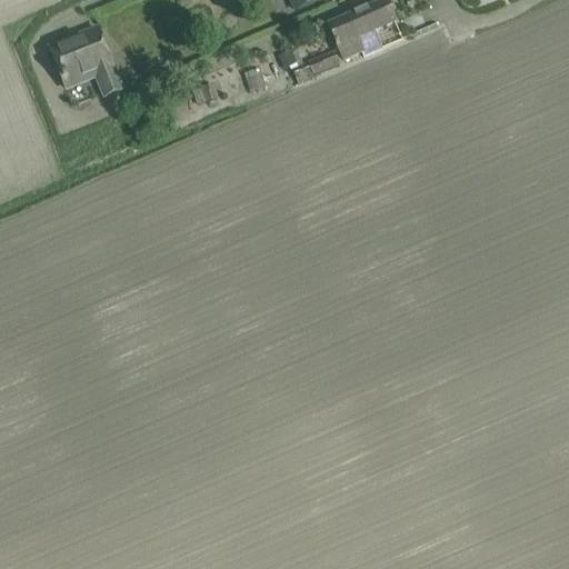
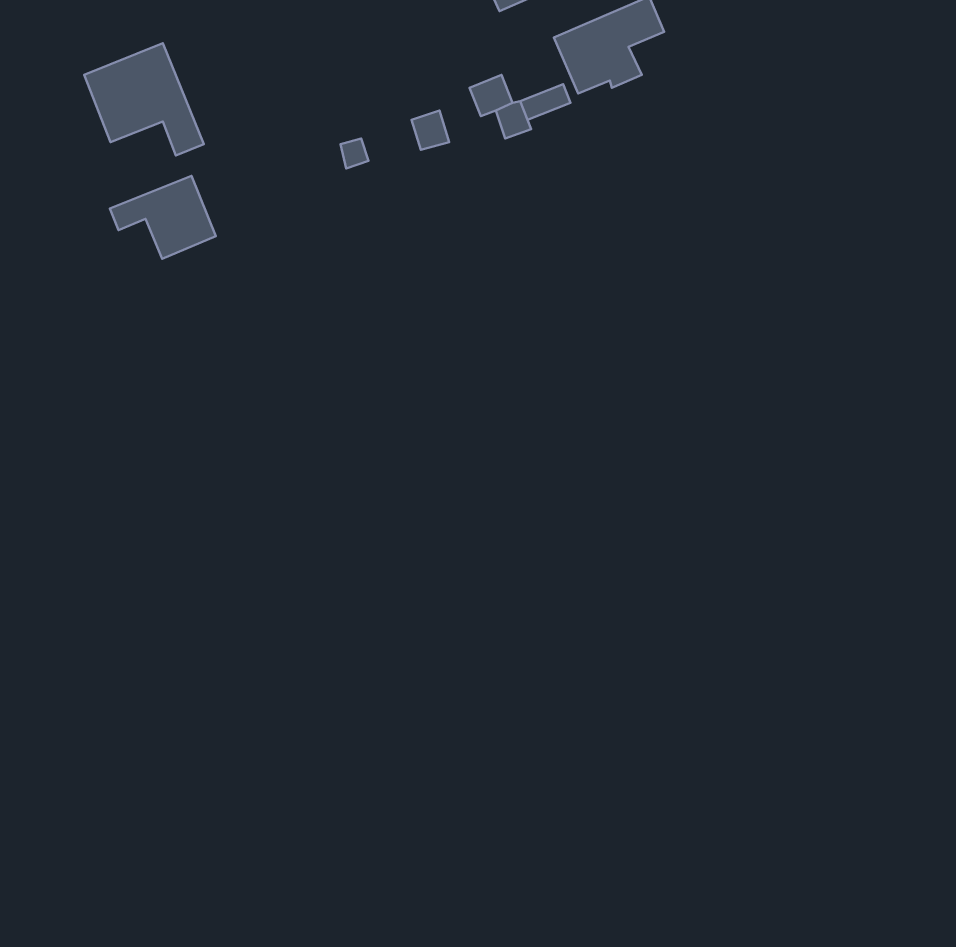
building: none -> [110,176,216,259]

